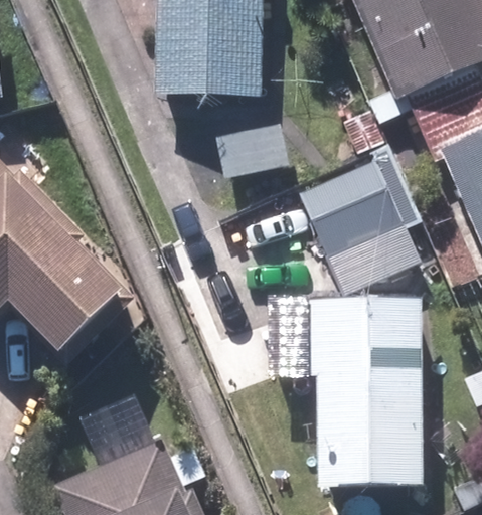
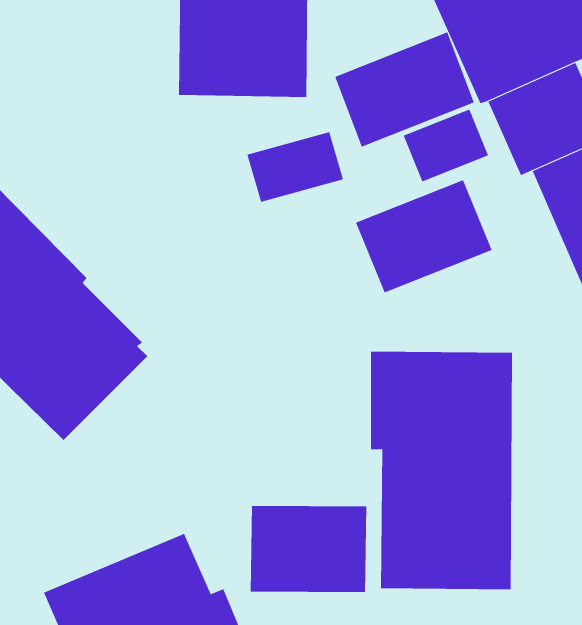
building: none -> [334,32,475,148]
building: none -> [250,505,367,593]

